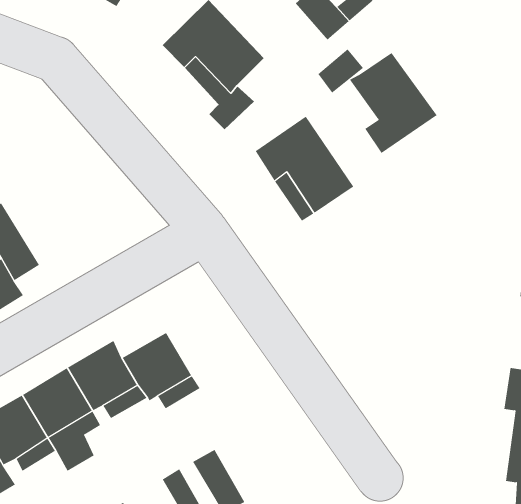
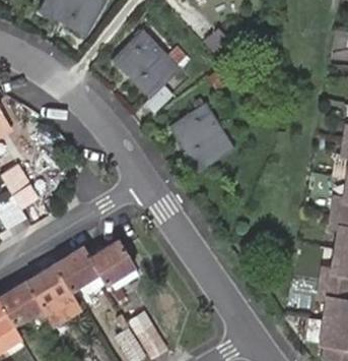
building: [349,52,438,154] -> none

